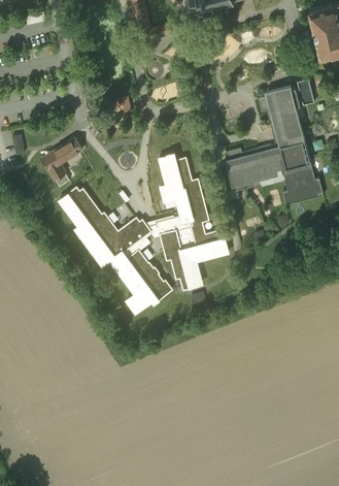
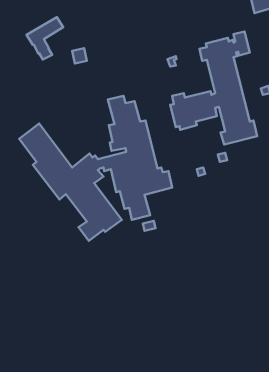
building: [41,138,82,186] -> [27,17,63,59]

